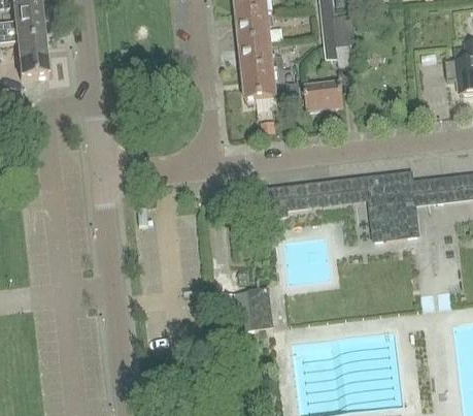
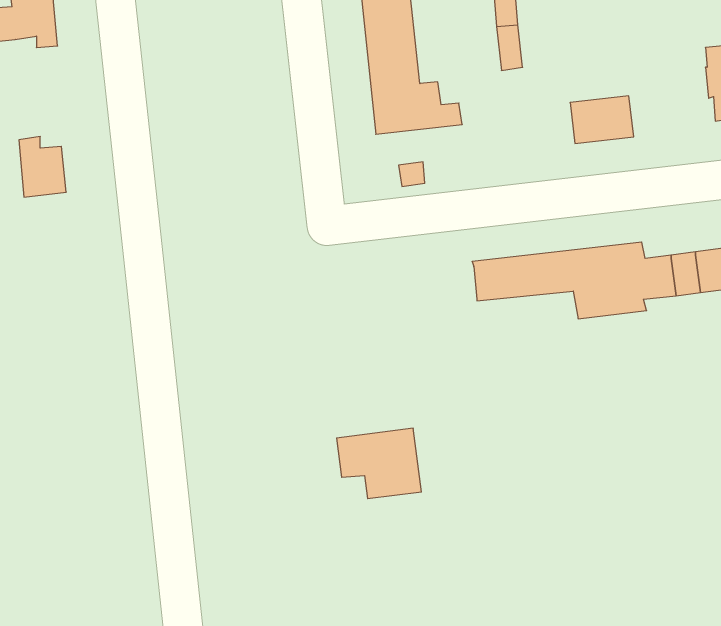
building: [18,39,47,77] -> [19,137,66,197]
building: [304,81,344,110] -> [570,96,634,143]
building: [266,182,309,218] -> none
building: [373,213,418,238] -> none

